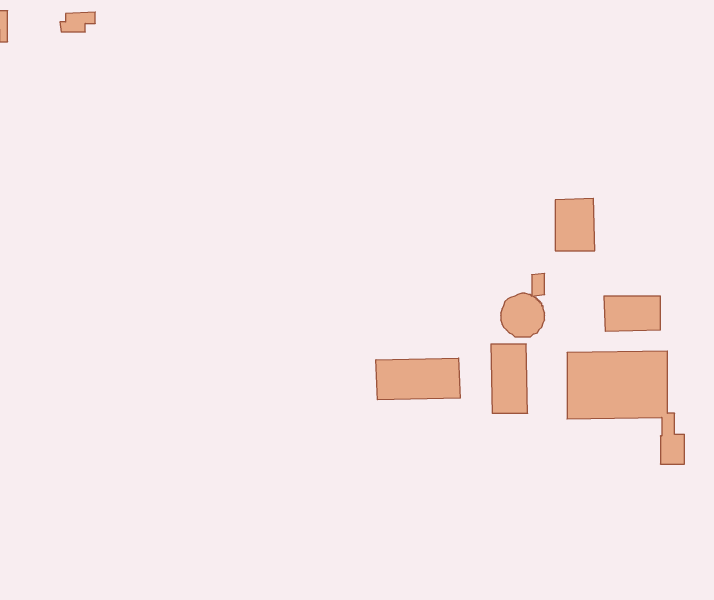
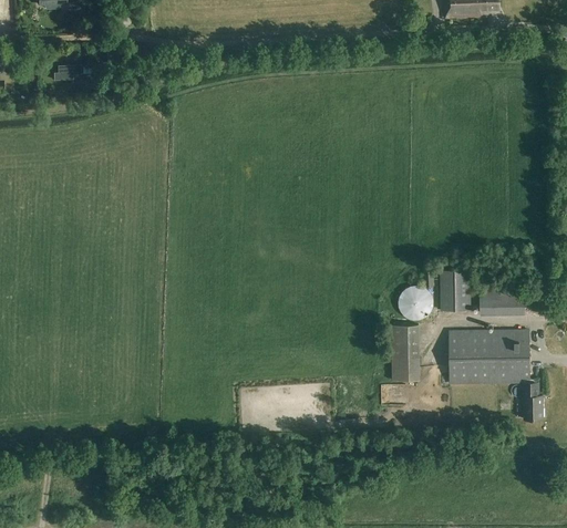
building: [555,198,595,251] -> [439,269,470,310]
building: [376,358,460,400] -> none

